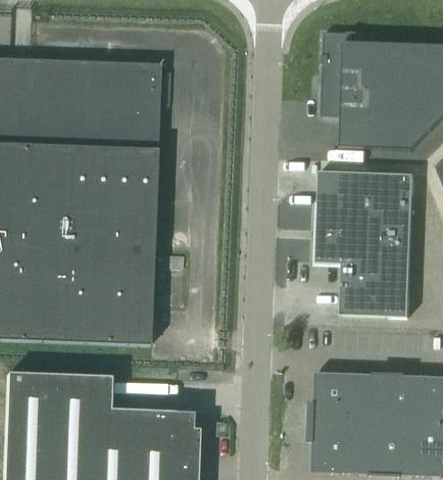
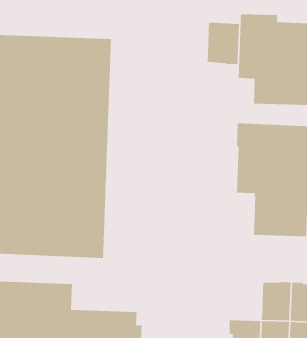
building: none -> [207,22,240,65]
building: [308,372,351,423] -> none

